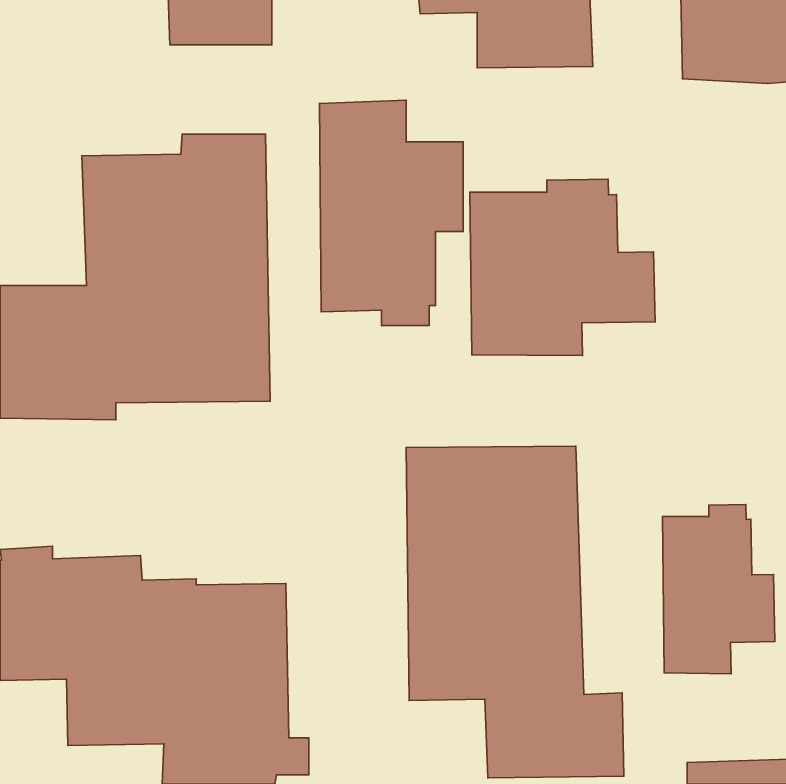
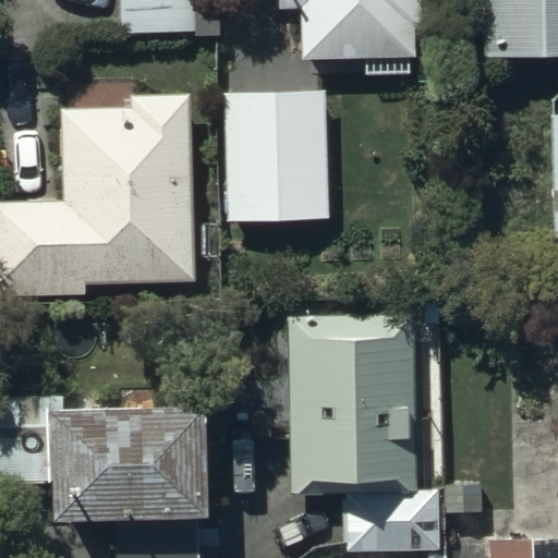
building: [470,179,655,355] -> none
building: [662,504,775,674] -> none

